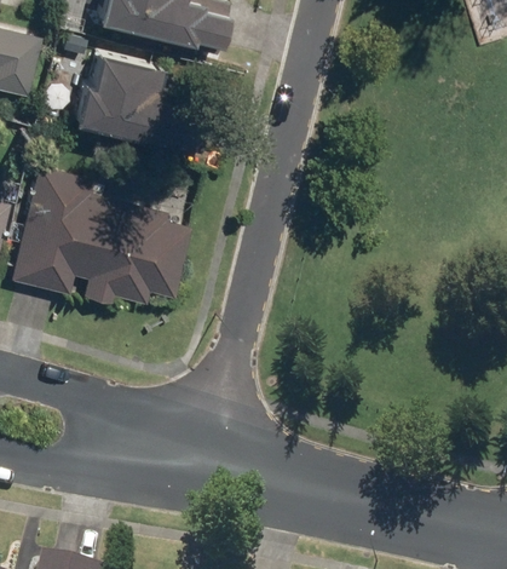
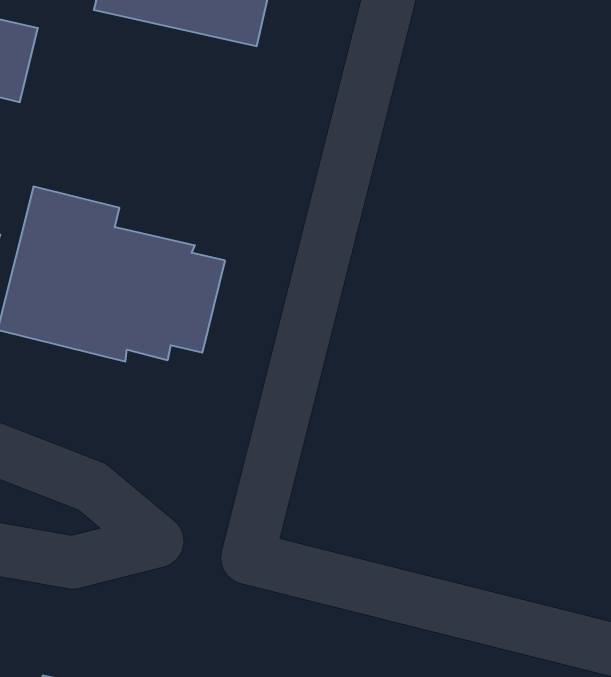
building: [63,51,197,155] -> none

